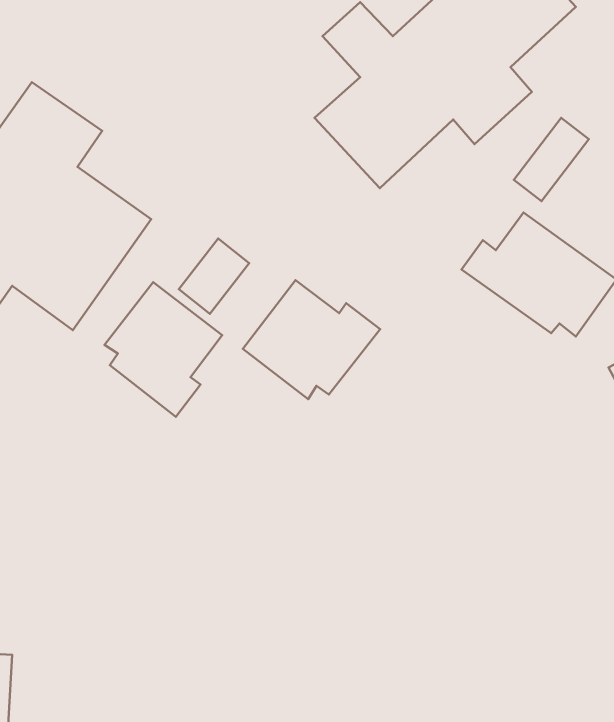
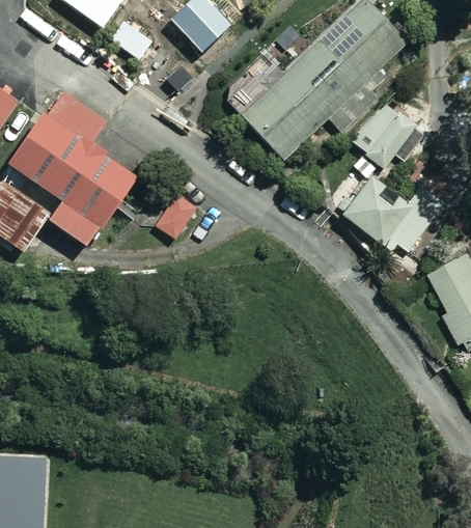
building: [243,280,380,399] -> none
building: [105,282,222,417] -> none

